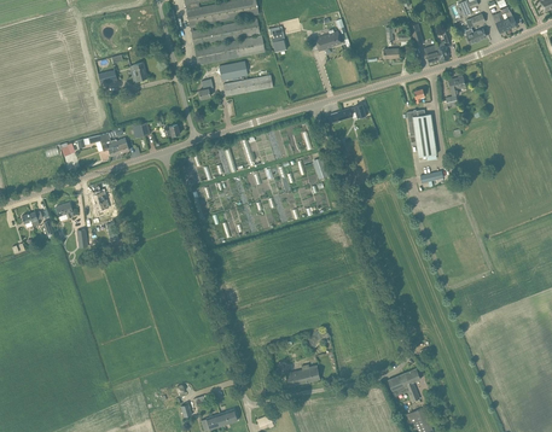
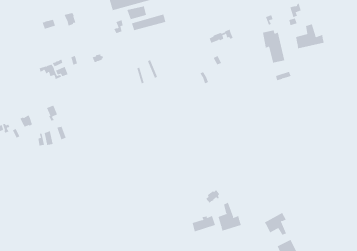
building: none -> [295,23,325,49]
building: none -> [218,202,242,232]

